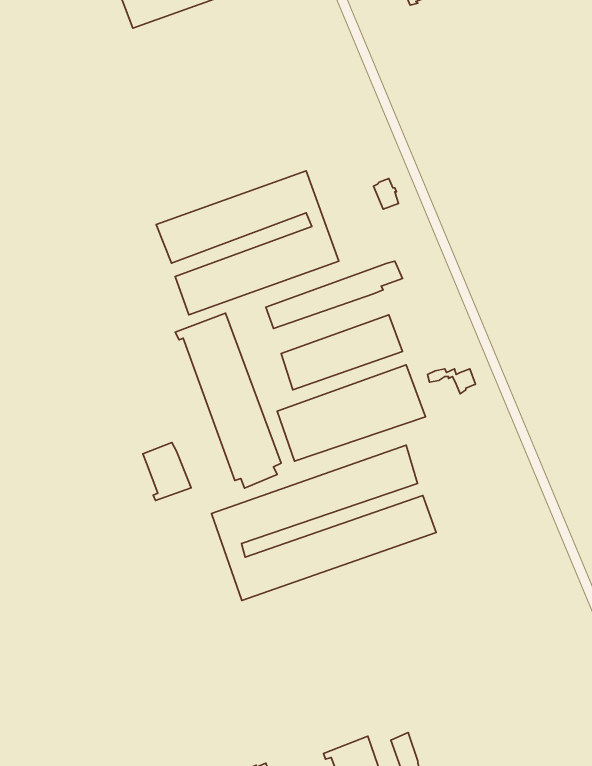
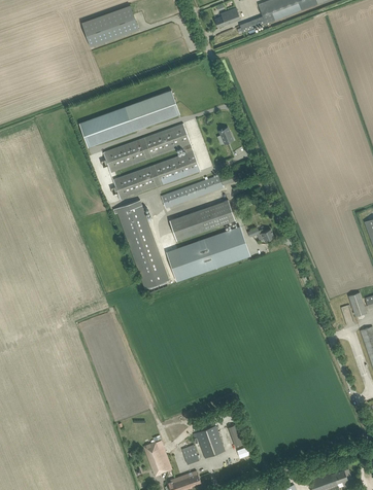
building: none -> [79,90,180,147]
building: [143,443,191,501] -> none
building: [212,445,436,601] -> none

